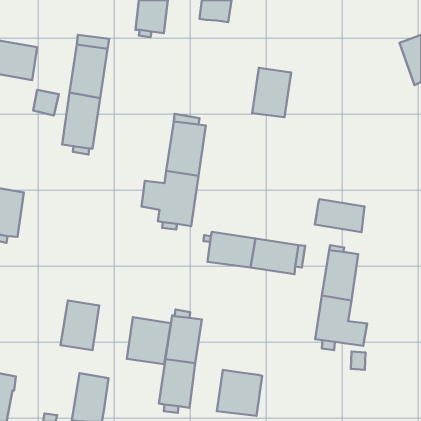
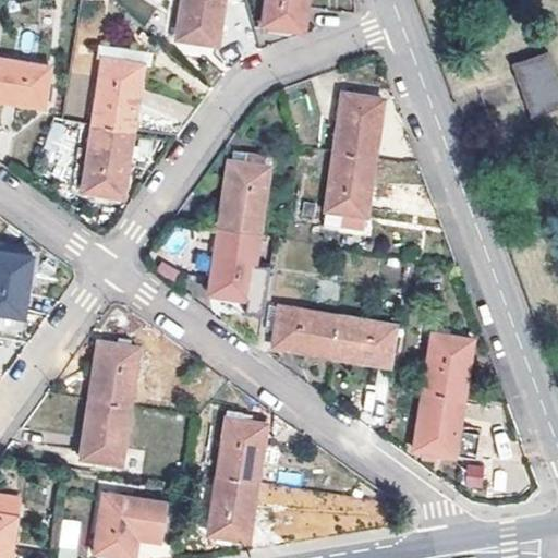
building: none -> [320,150,375,231]
building: [315,199,365,232] -> none
building: none -> [89,342,138,404]
building: [127,317,171,364] -> none
building: [217,370,262,416] -> none
building: none -> [137,500,167,544]

